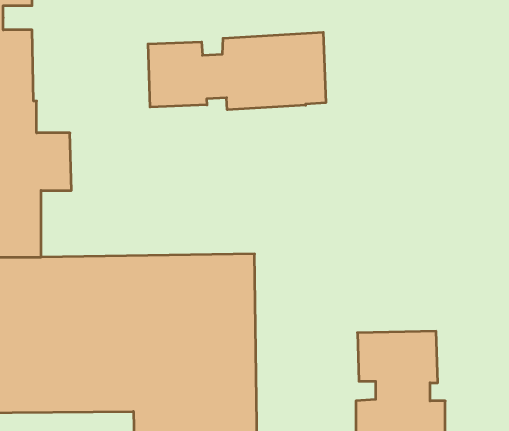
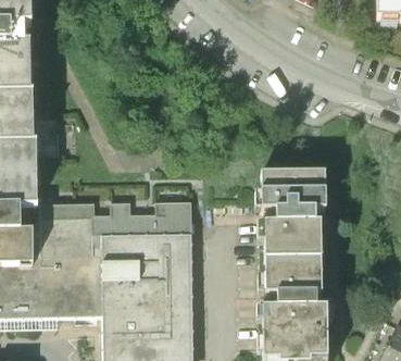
building: [148,32,326,110] -> none
building: none -> [261,175,325,260]

